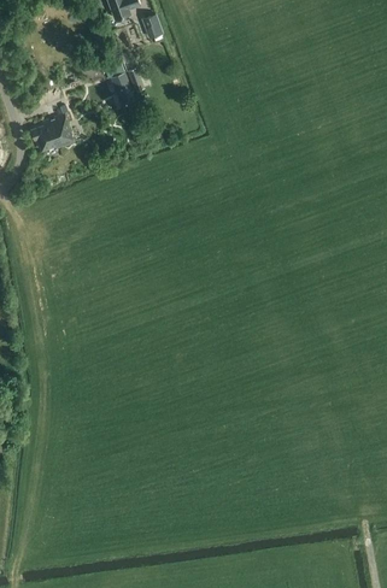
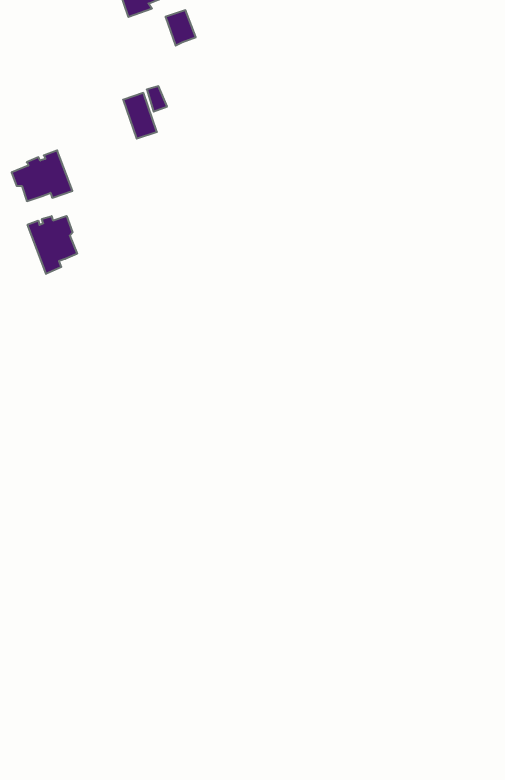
building: none -> [28,216,77,274]

